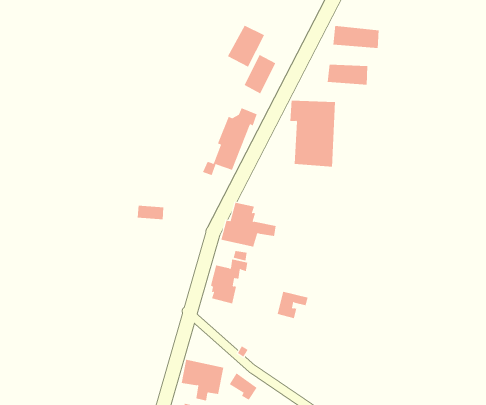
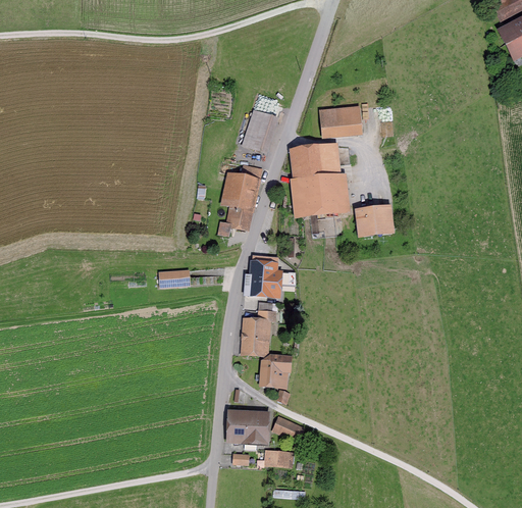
building: [227,25,265,68] -> none
building: [333,25,379,49] -> none
building: none -> [358,208,392,234]
building: [277,291,308,319] -> [263,360,291,385]

